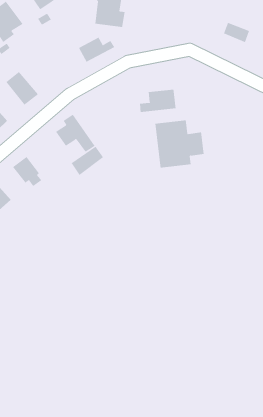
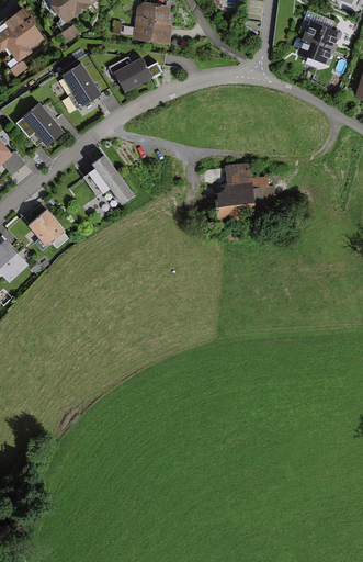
building: none -> [304,21,339,47]
building: none -> [60,57,100,103]
building: [140,89,176,113] -> none
building: [71,146,104,176] -> none

